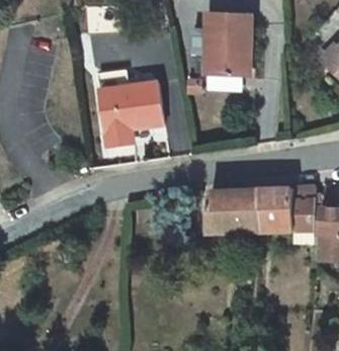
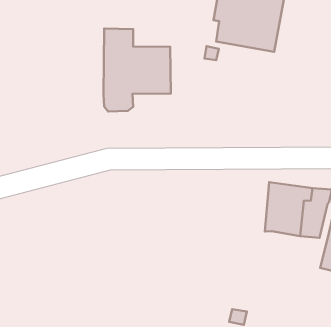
building: [205,188,261,233] -> none

